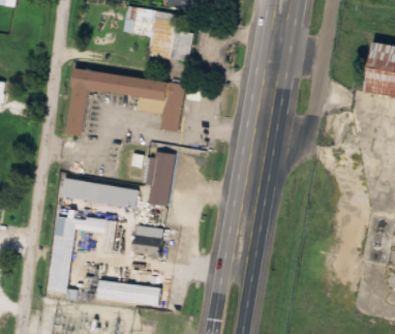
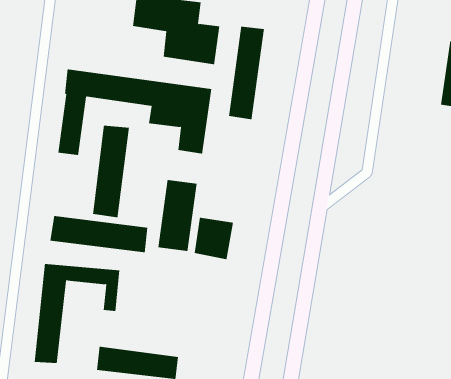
building: none -> [228,26,264,120]
building: none -> [92,125,129,218]
building: [131,225,162,259] -> [194,217,234,260]

